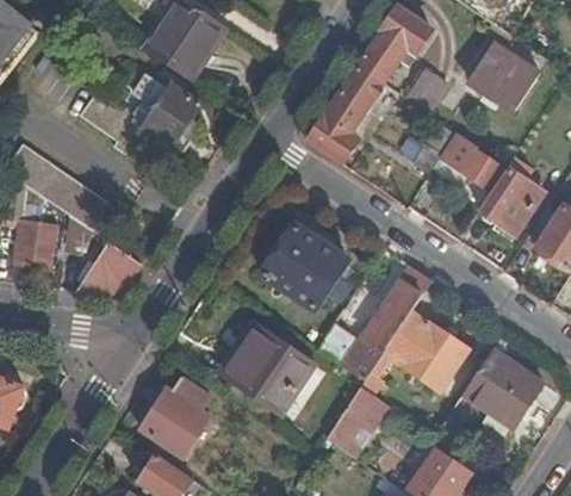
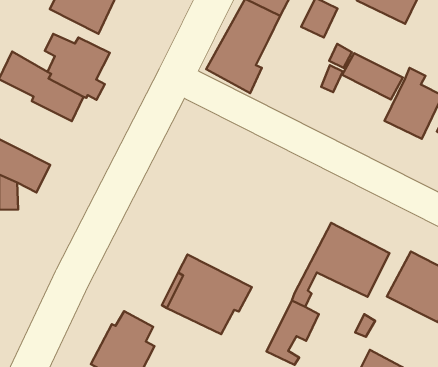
building: [261,223,348,310] -> none
building: [72,242,141,293] -> none
building: [318,265,432,379] -> none

